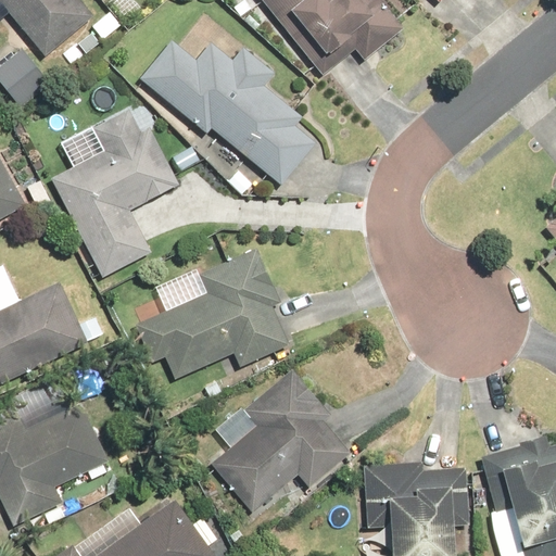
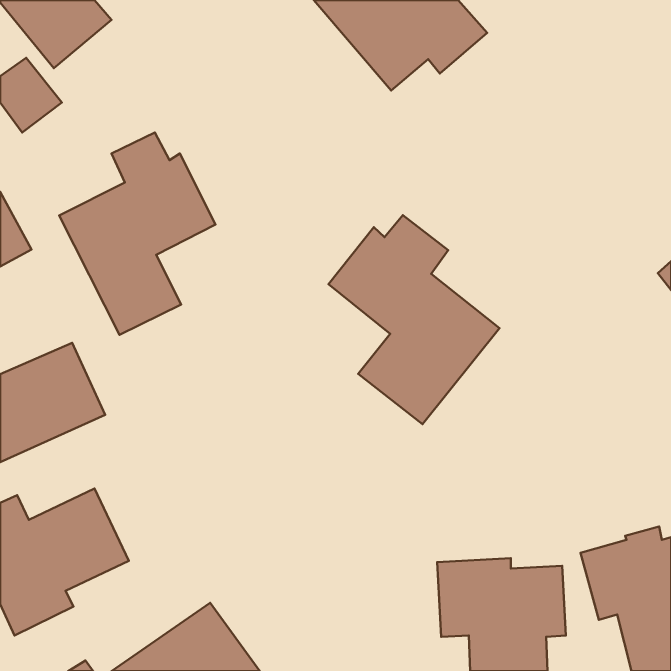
building: [137,39,316,186] -> none
building: none -> [329,215,499,424]
building: [136,249,289,380] -> none
building: [210,369,350,513] -> none

